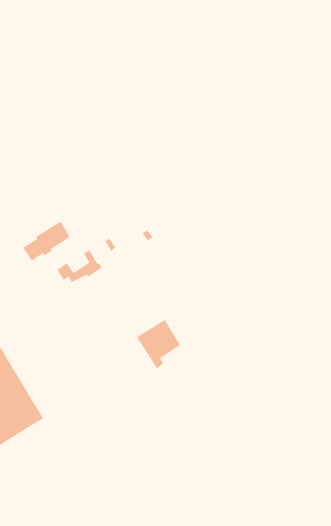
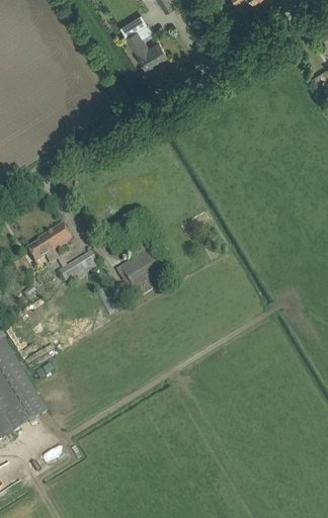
building: none -> [129,23,167,67]
building: [136,319,181,369] -> [118,249,161,296]

